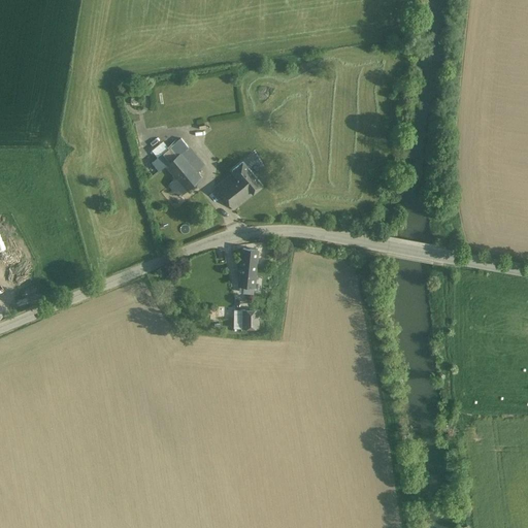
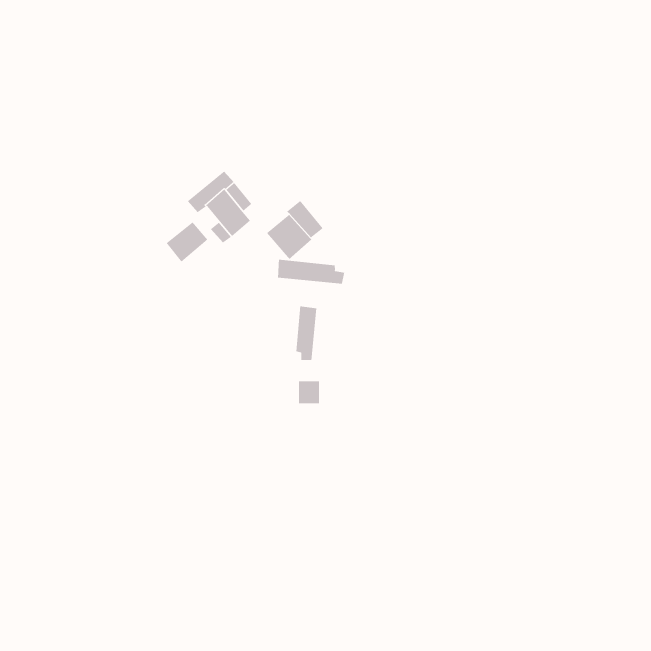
building: none -> [166,222,208,262]
building: none -> [278,259,345,284]

